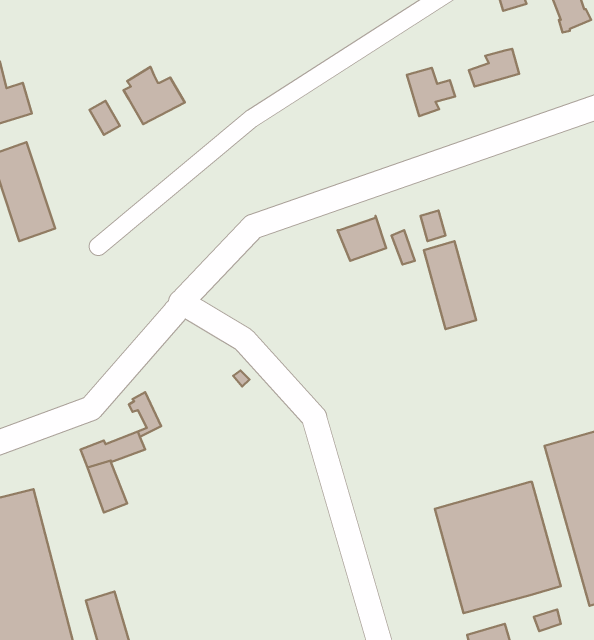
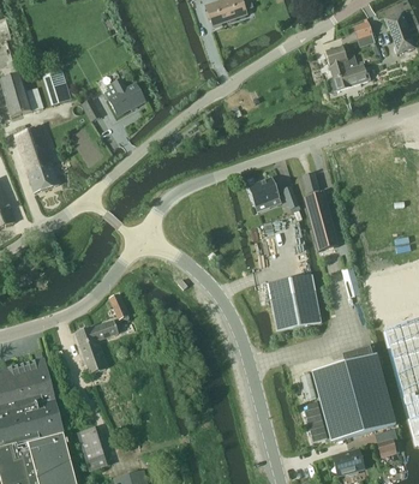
building: none -> [42,70,70,103]
building: [407,68,455,116] -> [325,46,358,78]
building: none -> [267,274,321,330]

